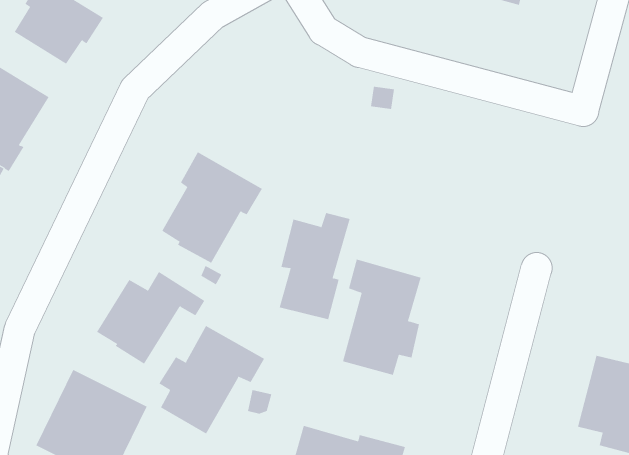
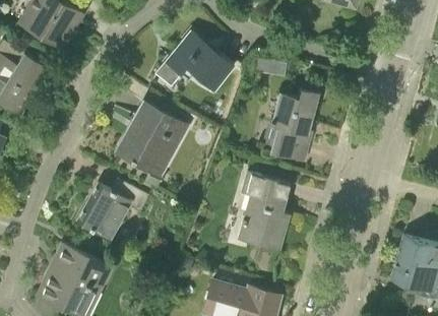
building: none -> [165,30,234,88]
building: [279,213,351,320] -> [271,89,318,160]
building: [158,325,265,434] -> none

